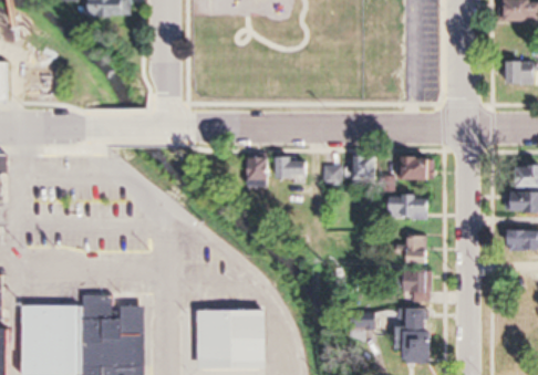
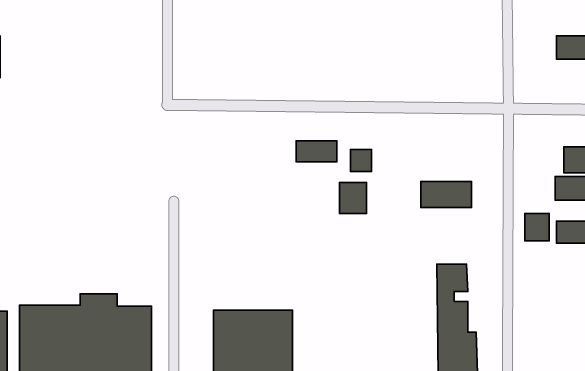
building: [349,155,373,183] -> [339,183,367,213]
building: [401,155,431,179] -> none
building: [246,156,267,178] -> none
building: none -> [525,213,549,241]
building: [394,235,423,262] -> none

